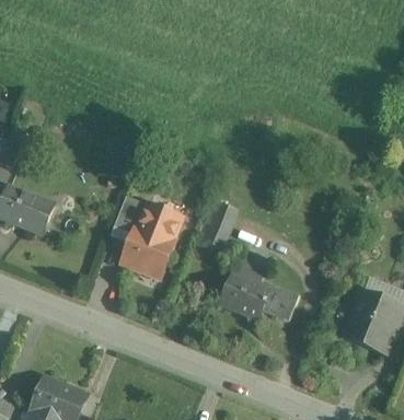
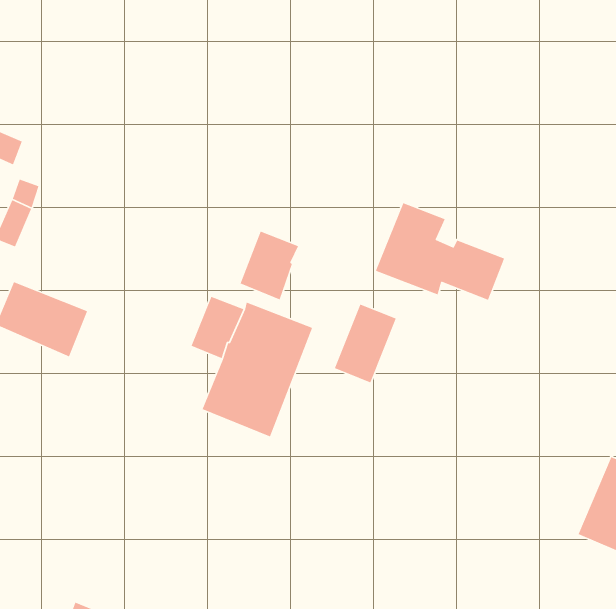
building: none -> [240,231,299,300]
building: [221,262,298,320] -> [375,202,505,301]

